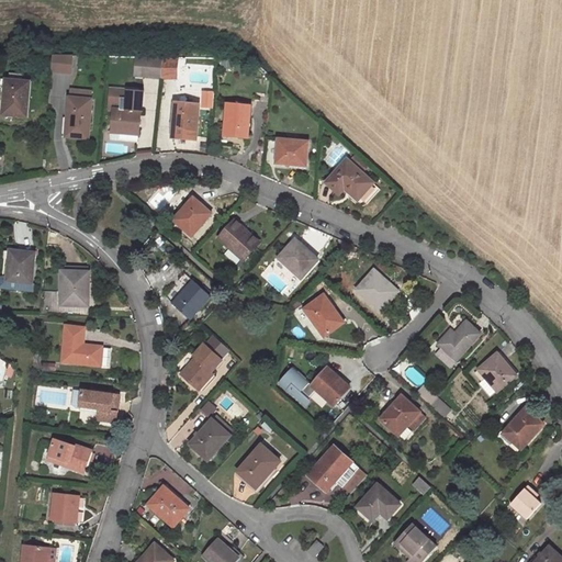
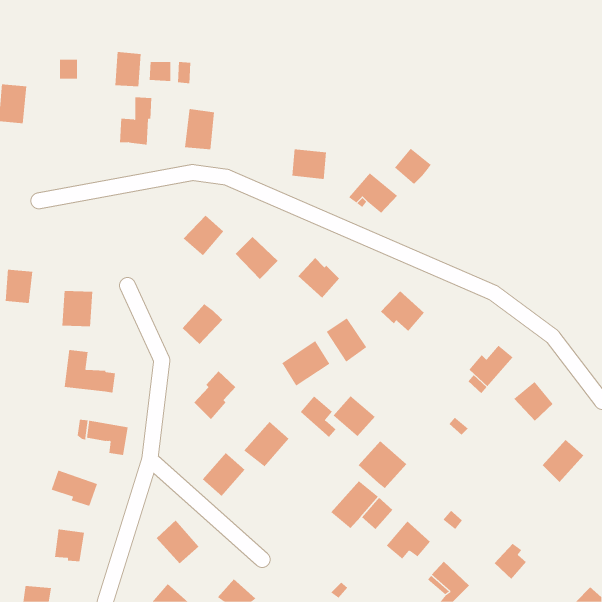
building: [61,95,87,128] -> [114,51,142,87]
building: [220,102,246,136] -> none
building: none -> [394,148,432,185]
building: none -> [281,340,330,387]
building: [380,395,426,440] -> [358,441,407,489]
building: [235,446,278,488] -> [244,421,290,467]
building: [510,483,541,517] -> [494,543,527,580]

